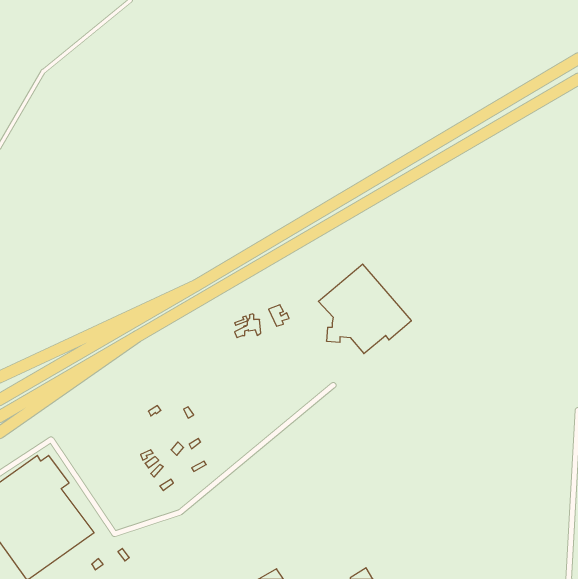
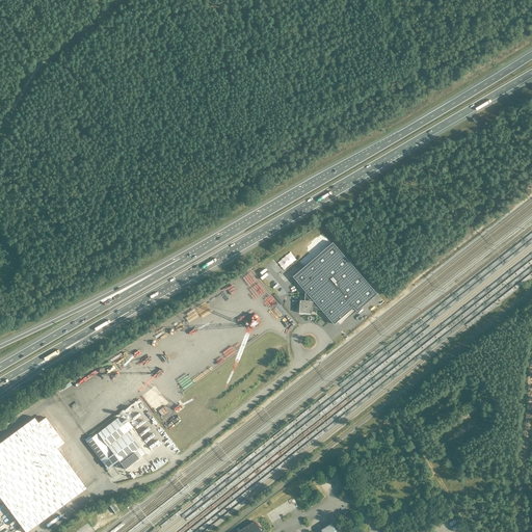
building: none -> [85,418,139,470]

